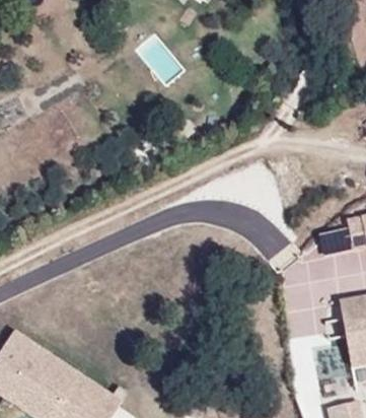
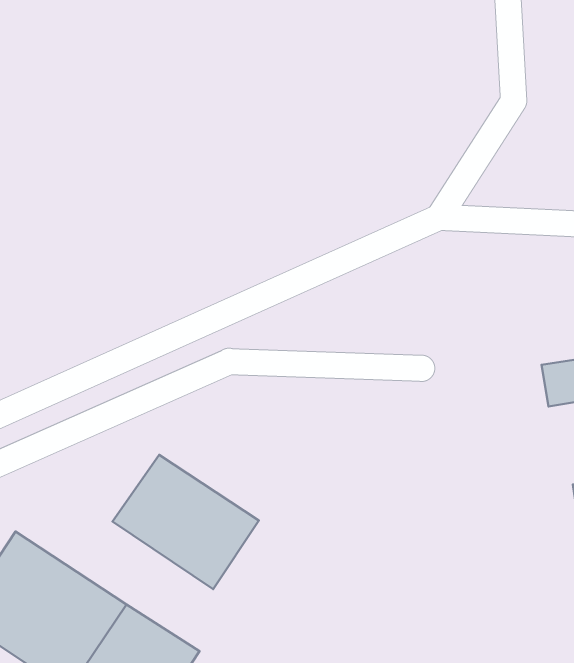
building: none -> [113,455,259,589]

